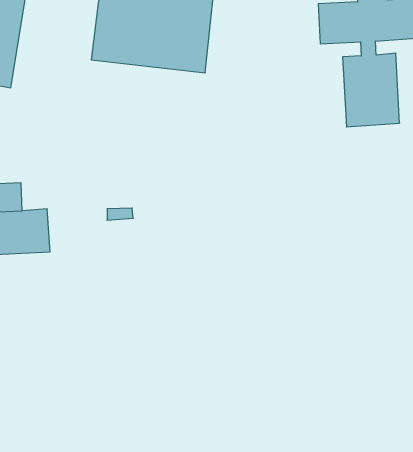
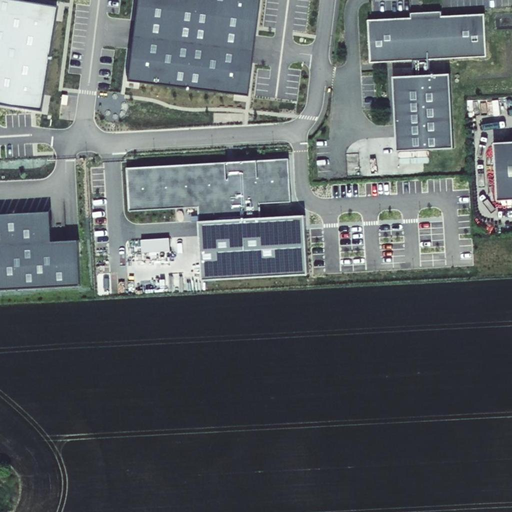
building: none -> [125,157,308,280]

